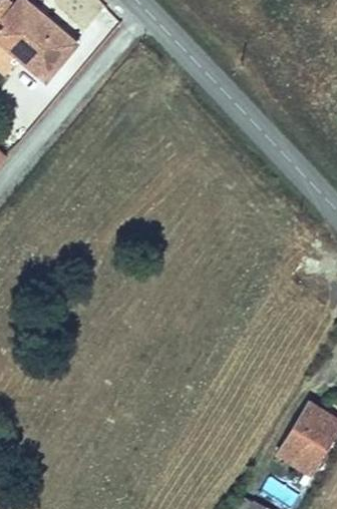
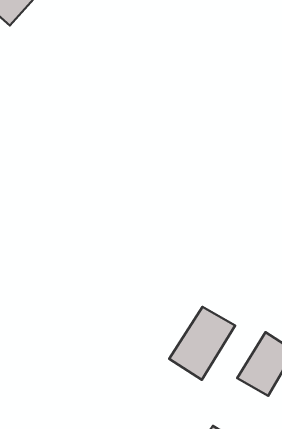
building: none -> [169,307,235,380]

